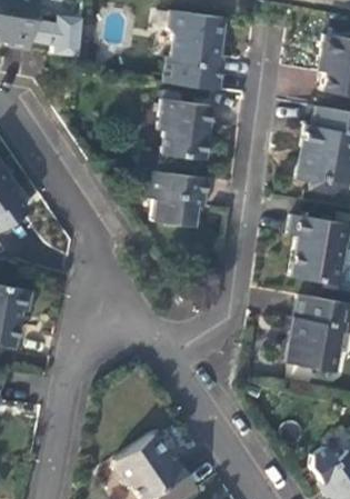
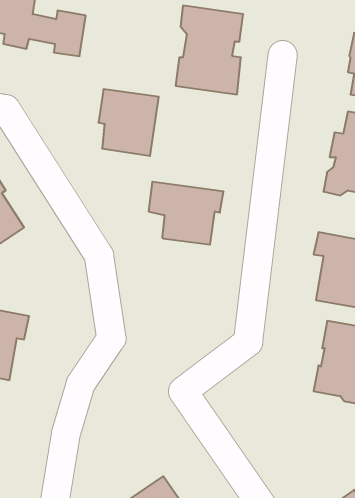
building: [158,99,212,159] -> [98,89,159,156]

